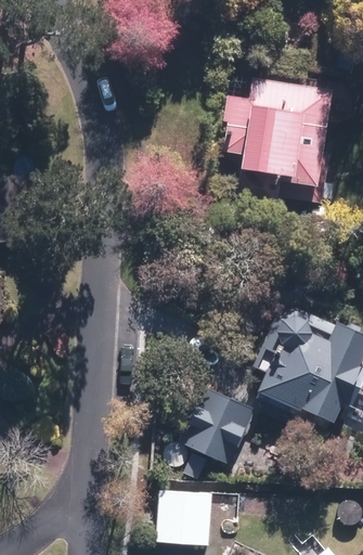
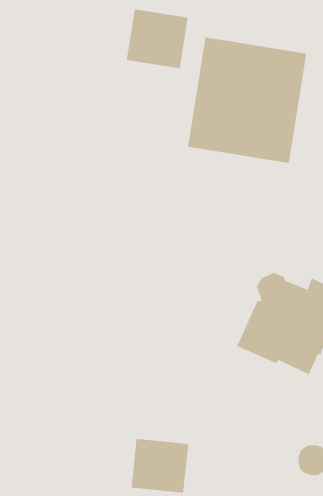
building: none -> [126,8,188,69]
building: [180,387,255,465] -> none

